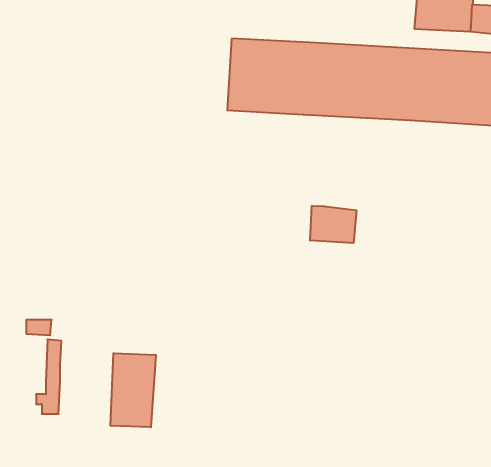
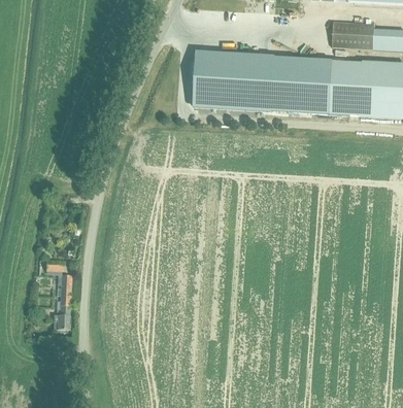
building: [310,206,356,243] -> none
building: [110,353,156,427] -> none

